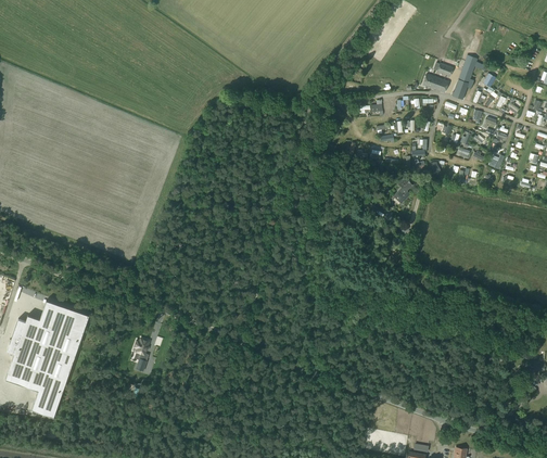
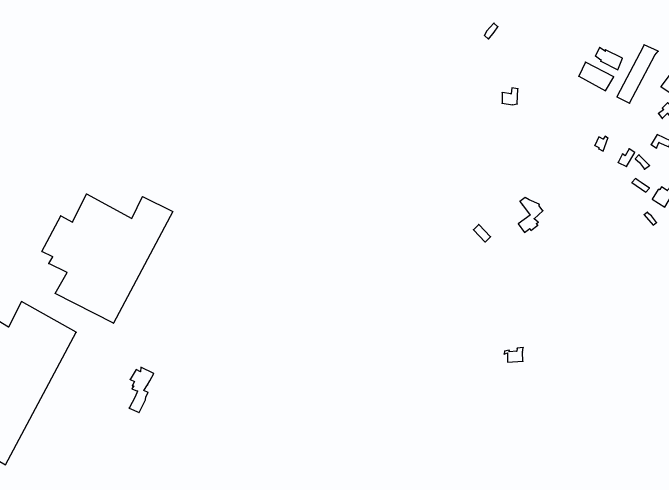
building: none -> [42,194,173,323]

